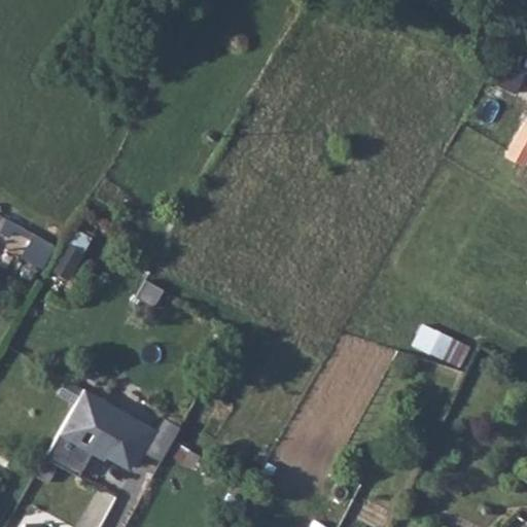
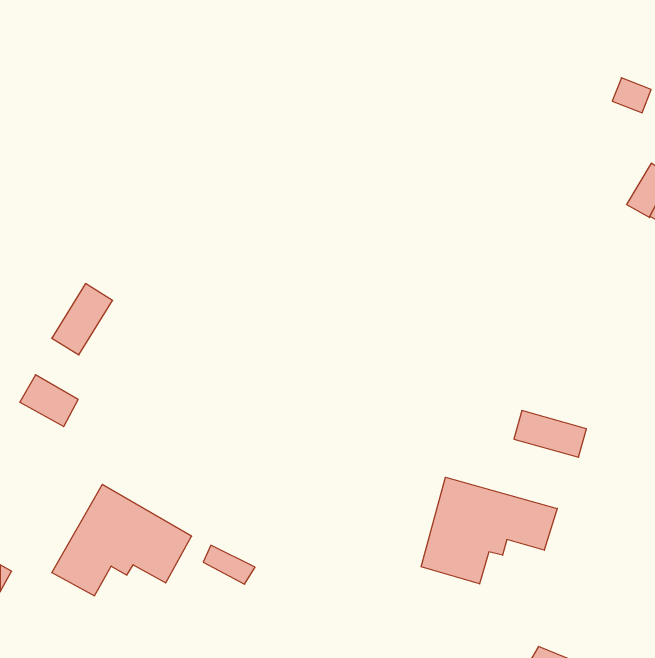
building: [9,230,56,271] -> [20,375,78,427]
building: none -> [421,477,557,584]

